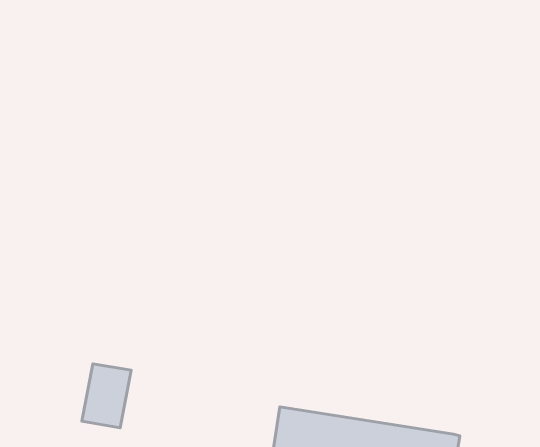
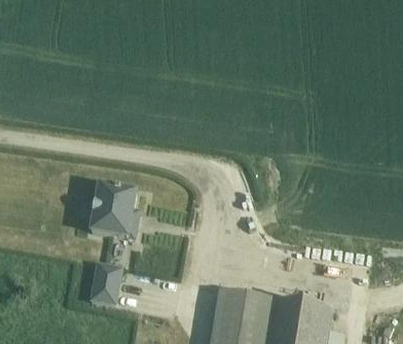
building: none -> [91,181,140,236]

